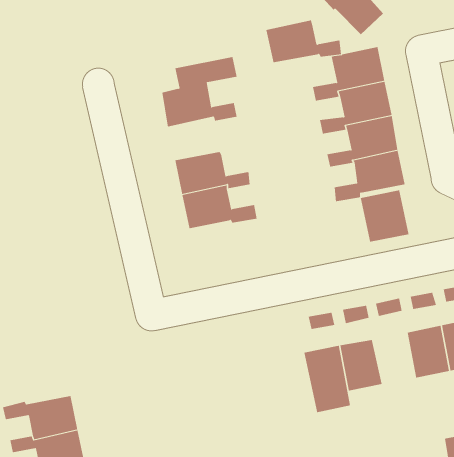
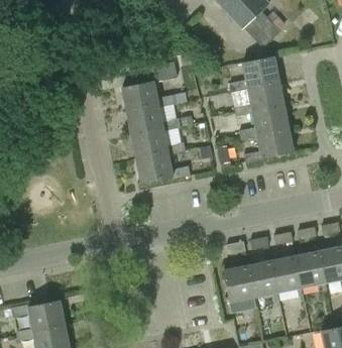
building: [266,20,342,63] -> [127,105,181,135]
building: [360,190,409,243] -> none
building: none -> [271,256,302,293]

